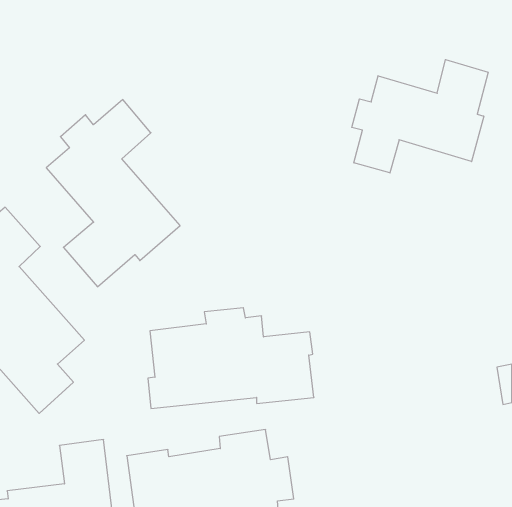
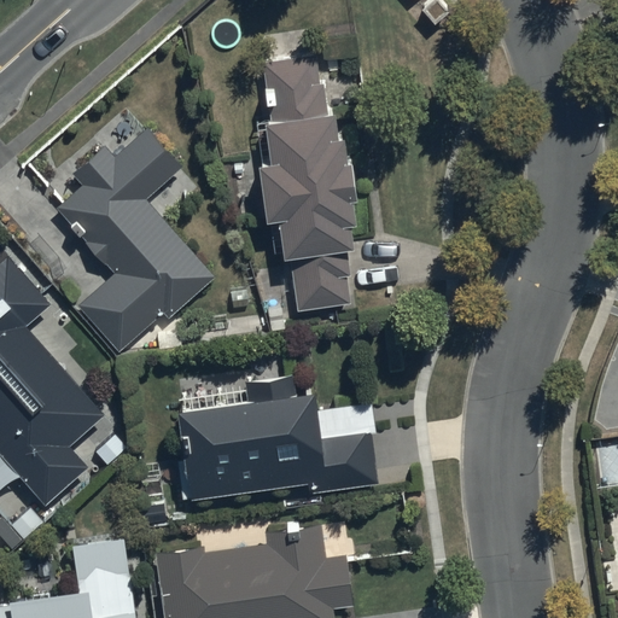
building: none -> [260,57,357,313]
building: [352,60,488,173] -> none

